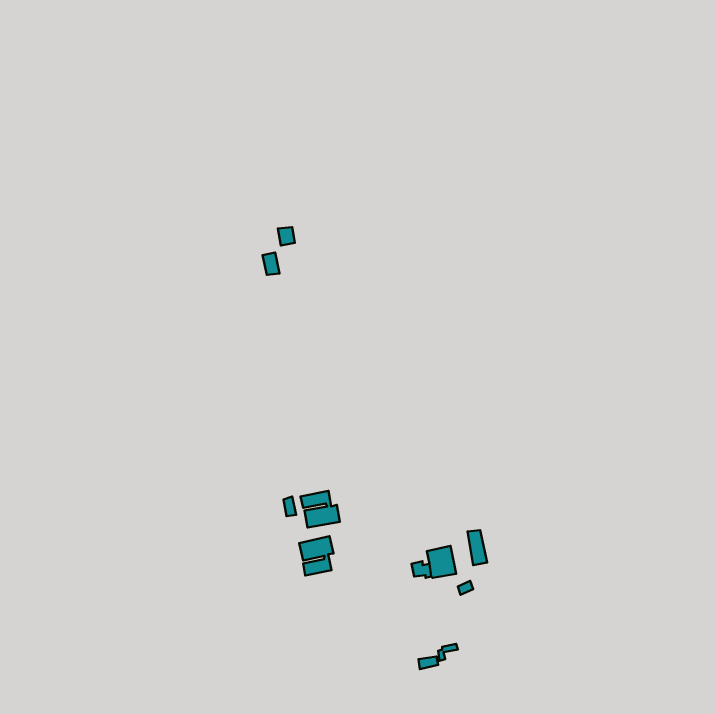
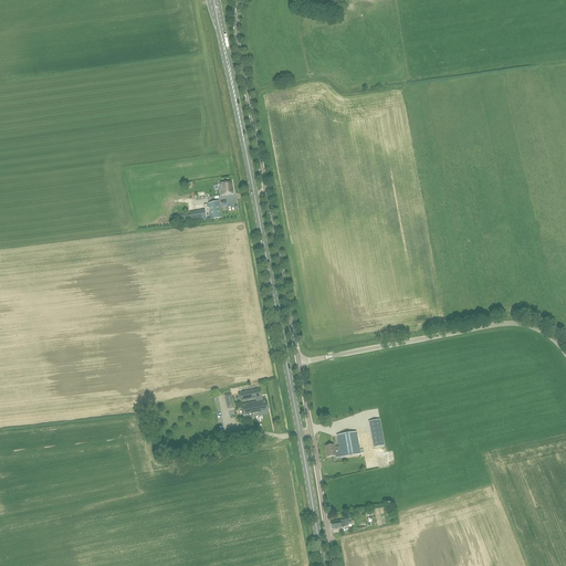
building: [299,536,334,575] -> none

